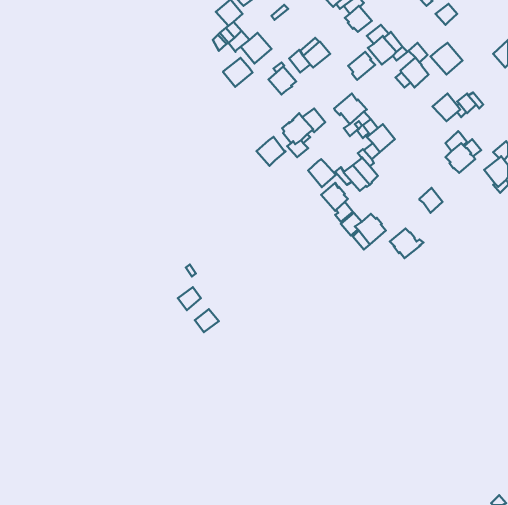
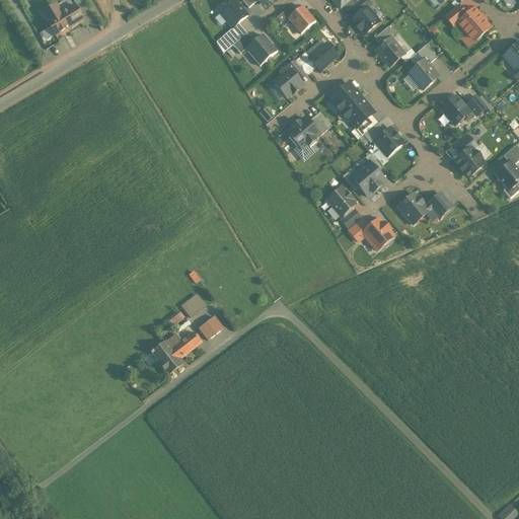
building: none -> [43,5,82,34]
building: none -> [288,5,315,32]
building: [431,43,462,75] -> [457,8,490,41]
building: [348,52,375,80] -> [331,82,359,110]
building: [223,58,252,87] -> none
building: [257,137,286,166] -> none
building: [308,159,336,187] -> none
building: [390,228,424,258] -> [397,193,432,223]
building: none -> [150,330,201,374]

